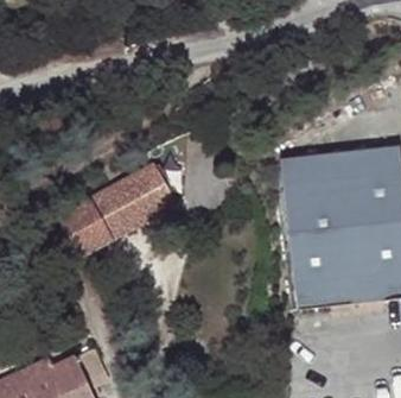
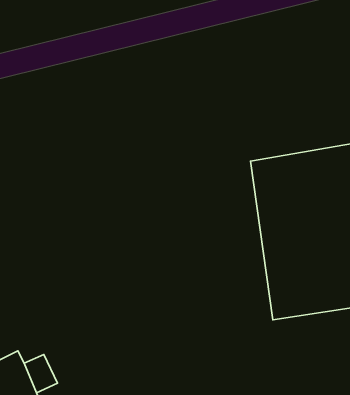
building: [56,169,170,259] -> none

